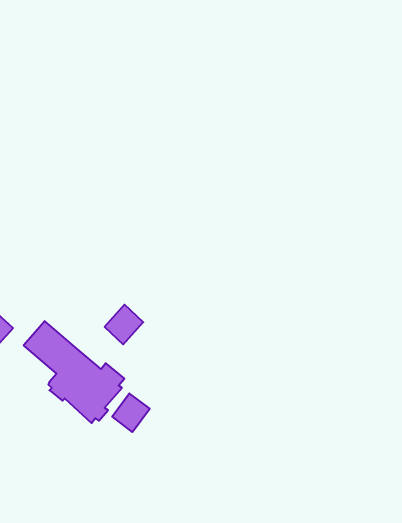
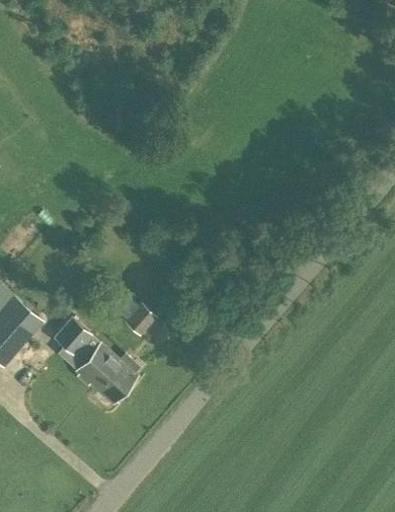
building: [112,393,150,432] -> none

